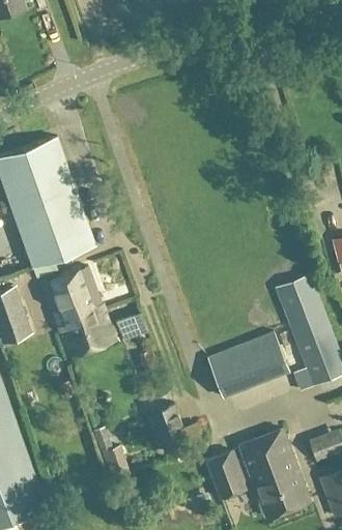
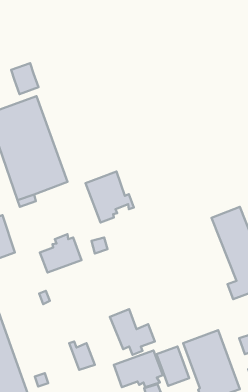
building: none -> [11,63,38,94]
building: [42,269,103,332] -> [86,172,134,222]
building: [209,331,289,396] -> none
building: none -> [114,350,163,387]

